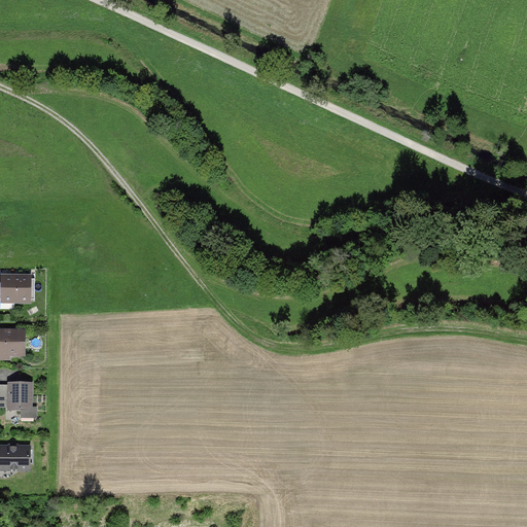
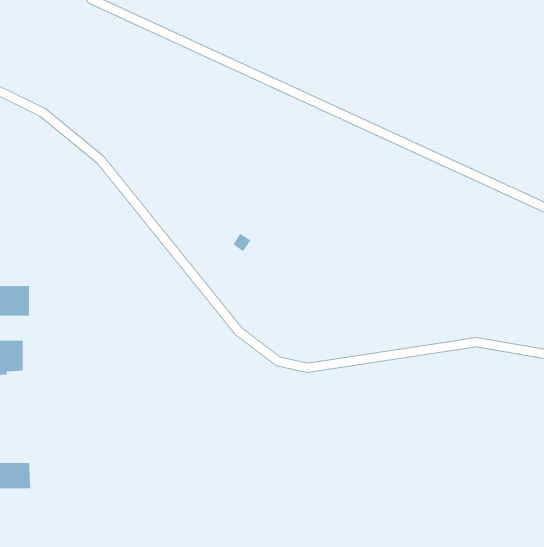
building: [4,382,31,410] -> none

